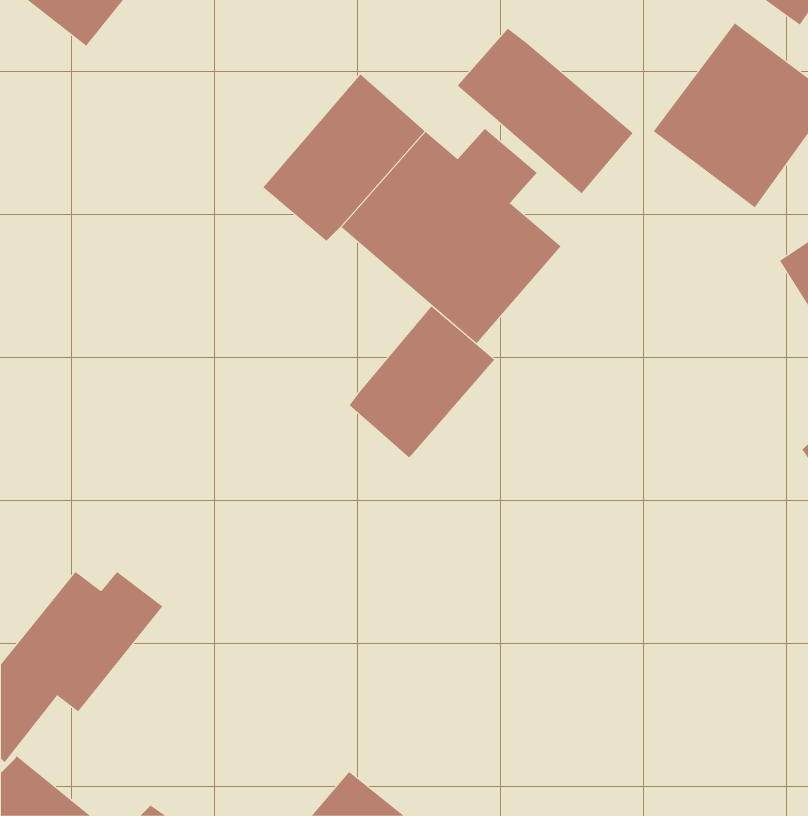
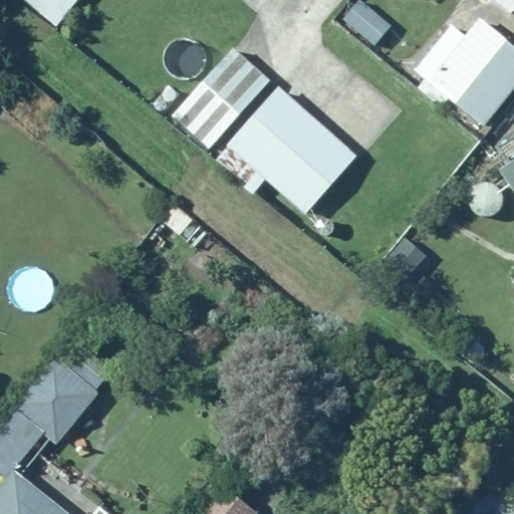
building: [457,28,633,194] -> none
building: [349,306,495,458] -> none

